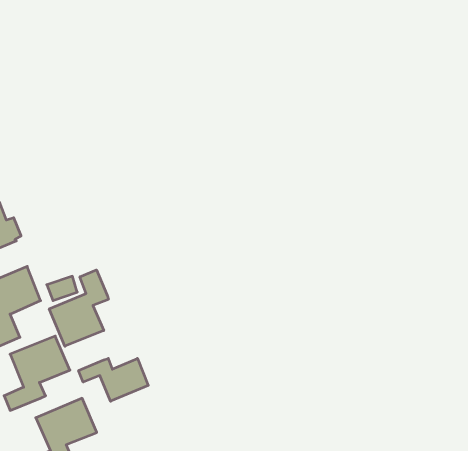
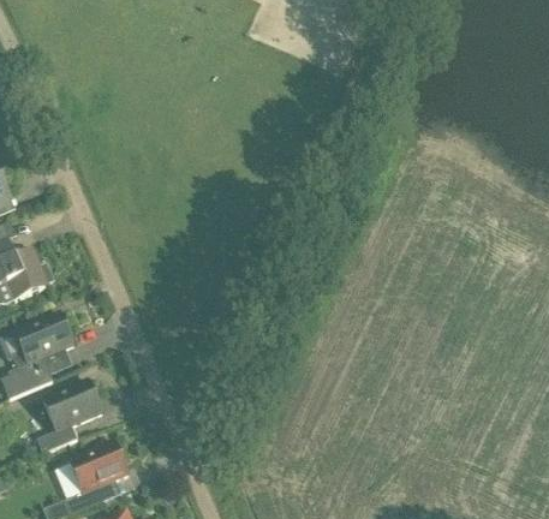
building: [49,270,108,346] -> none
building: [79,358,148,401] -> none

